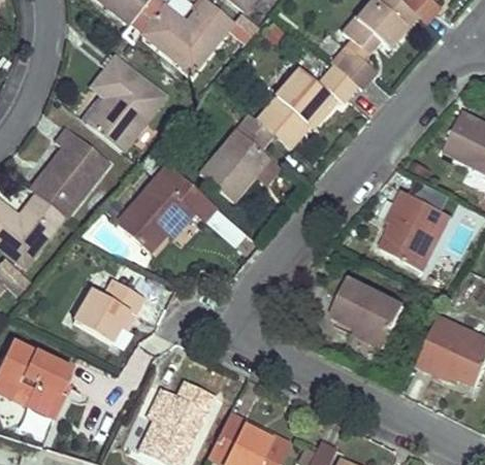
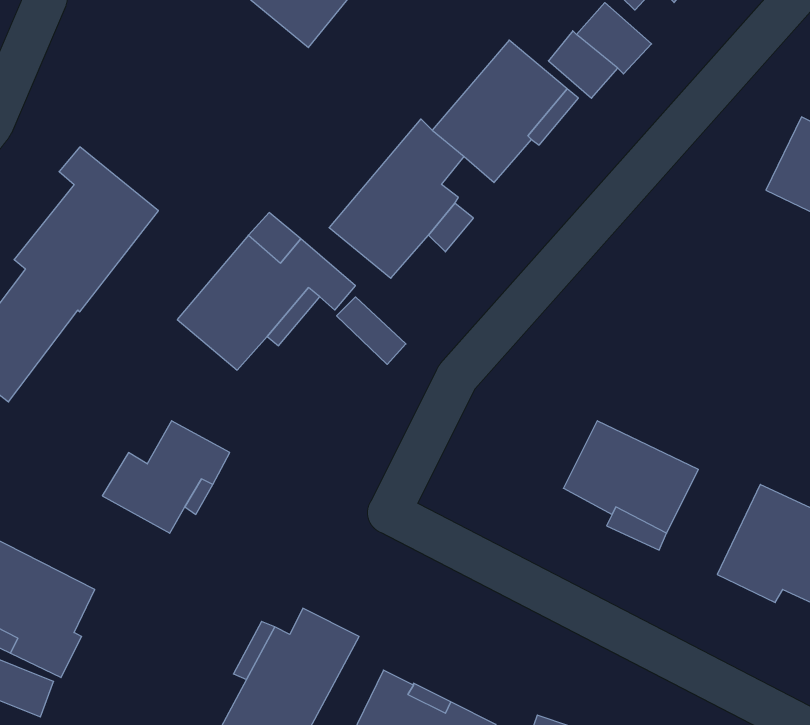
building: [86,58,163,150] -> none
building: [379,191,450,270] -> none

